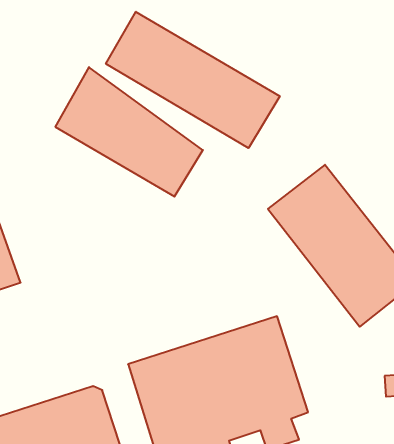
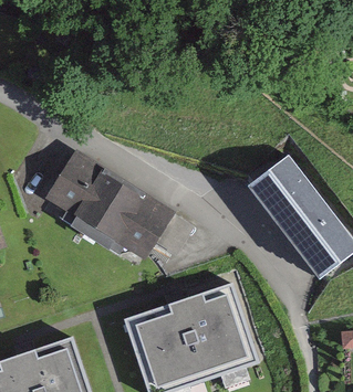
building: [106,12,280,148] -> none
building: [55,67,203,197] -> [53,149,179,259]

